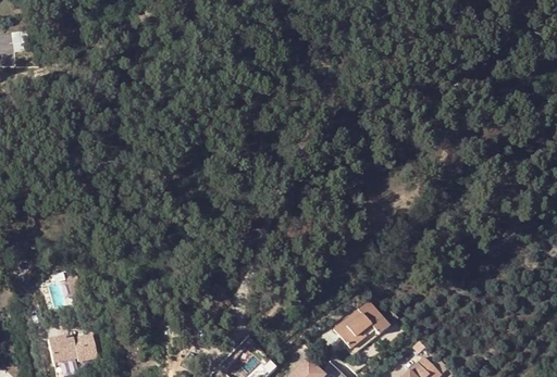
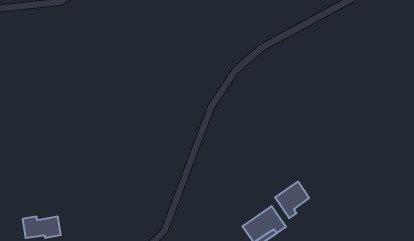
building: none -> [275,182,309,218]

